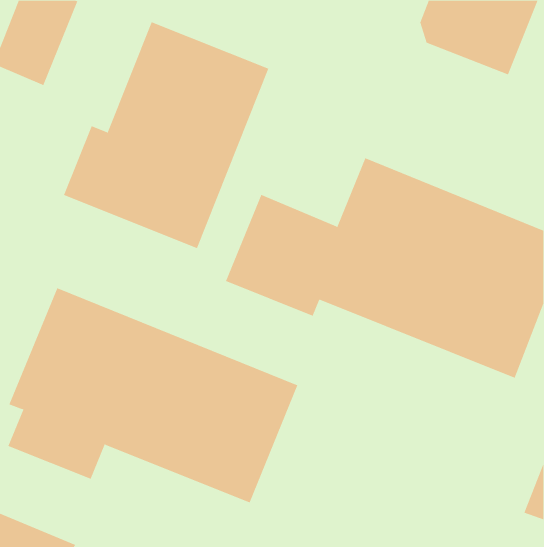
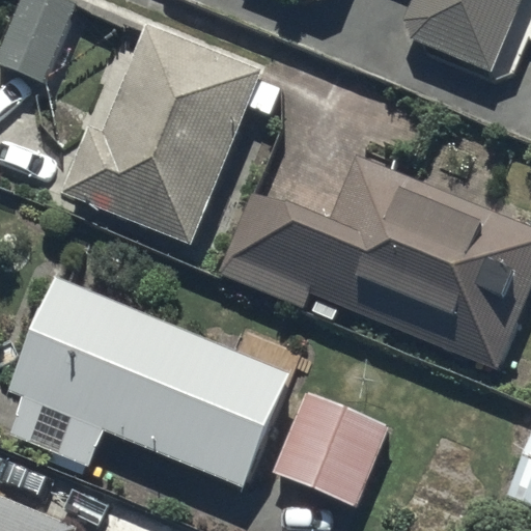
building: none -> [273,390,390,506]

